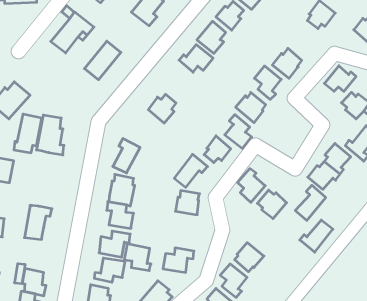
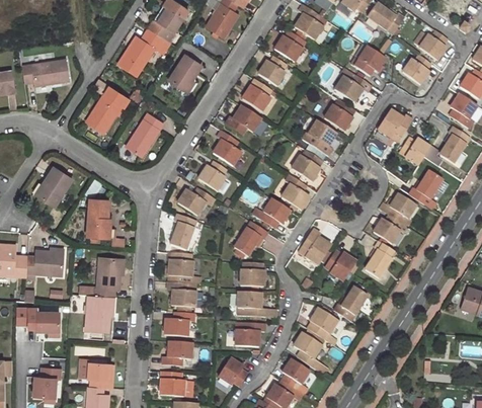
building: none -> [334,68,370,102]
building: none -> [212,131,247,169]
building: [14,114,42,153] -> [95,256,120,296]
building: none -> [177,188,214,217]
building: [300,220,333,252] -> [332,285,366,320]
building: [124,244,151,271] -> [236,291,264,316]

